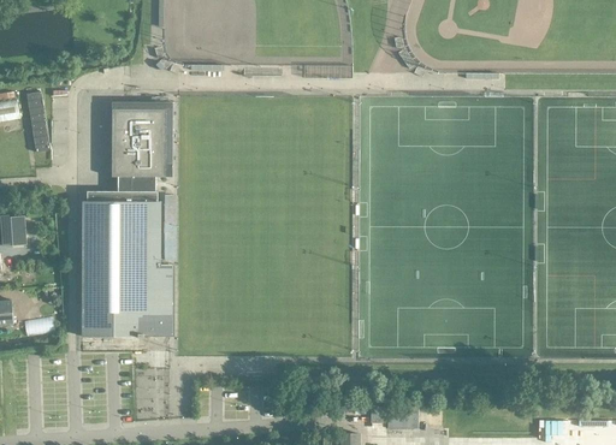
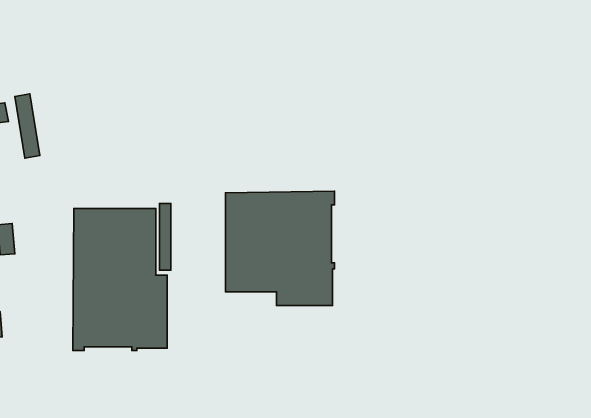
building: [87,102,173,201] -> none
building: none -> [226,191,335,305]

